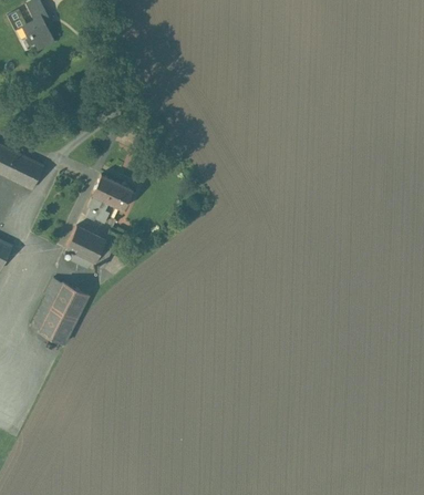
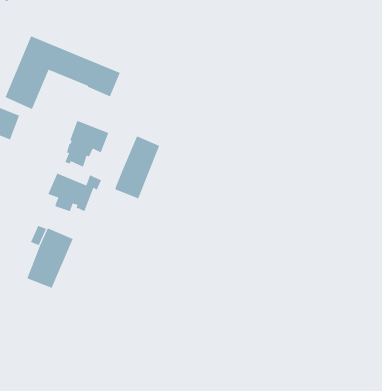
building: none -> [5,36,120,110]
building: none -> [115,135,160,199]

